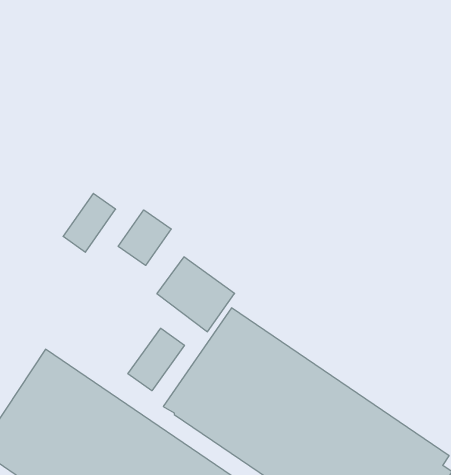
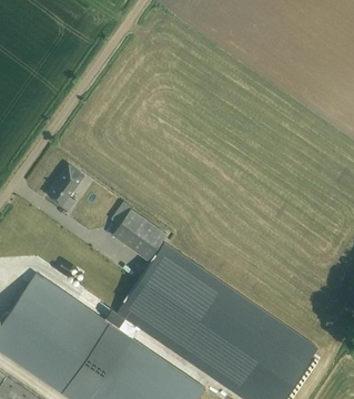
building: [118,210,171,265] -> none
building: [128,328,184,391] -> none

